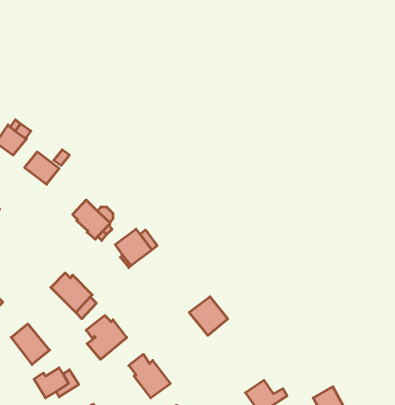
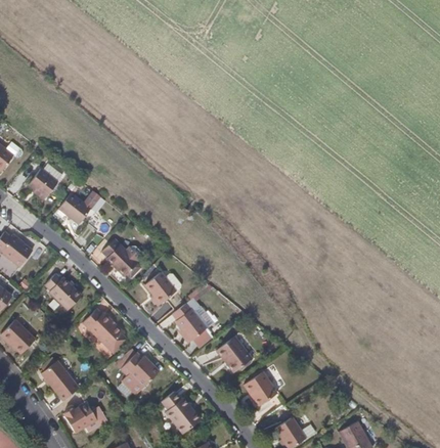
building: none -> [44,270,80,306]
building: none -> [173,301,209,342]
building: none -> [243,372,277,406]

